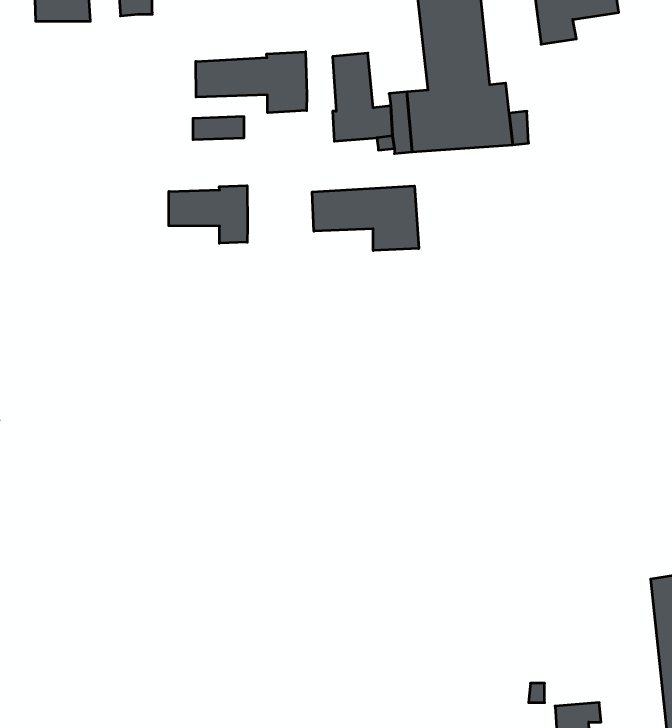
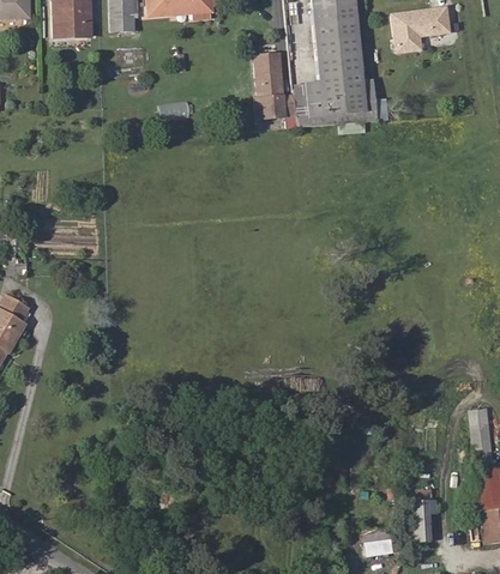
building: [196,52,307,113] -> none
building: [169,186,248,243] -> none
building: [312,186,419,251] -> none

